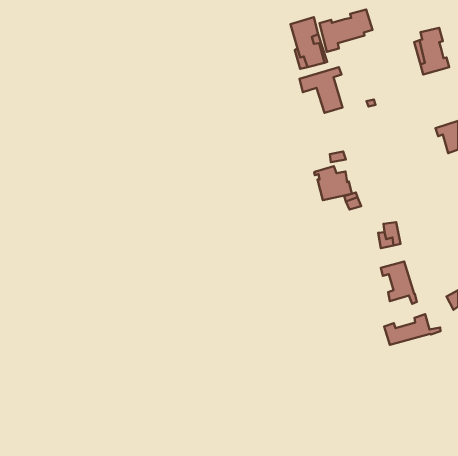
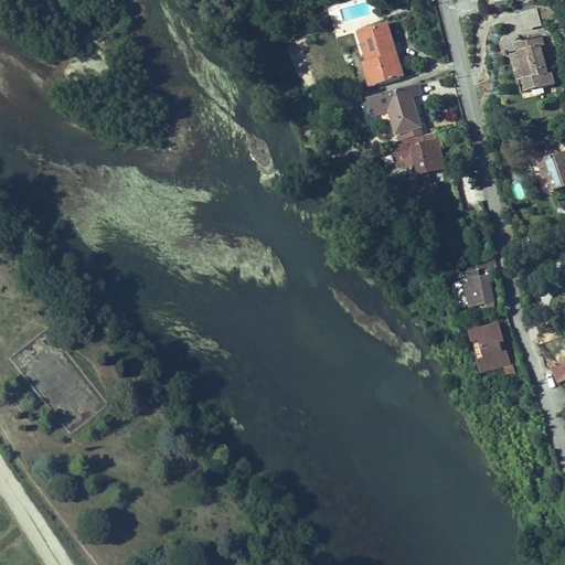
building: [319,10,372,52] -> none
building: [314,166,352,200] -> [397,132,444,174]
building: [384,314,441,345] -> none

